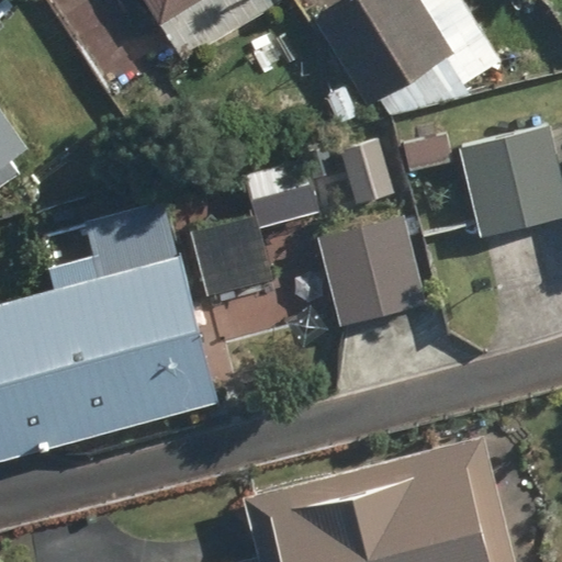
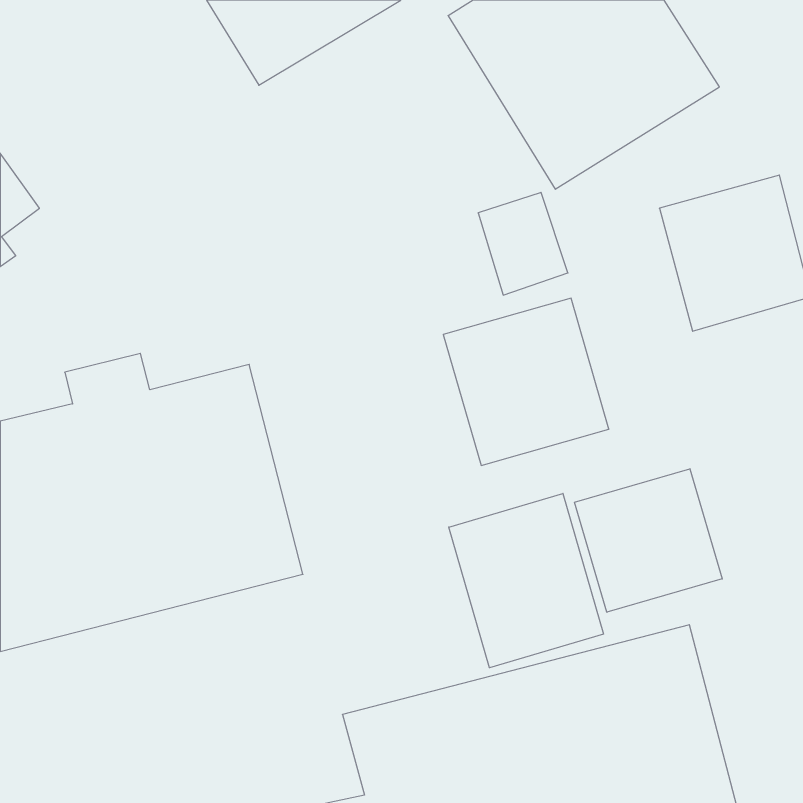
building: none -> [574,469,722,612]
building: none -> [449,493,604,668]

